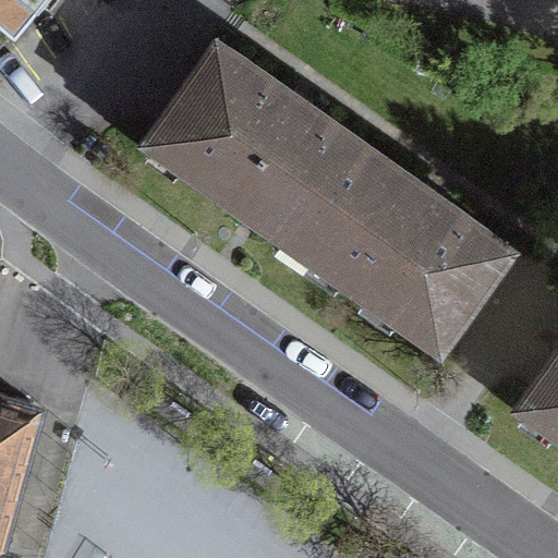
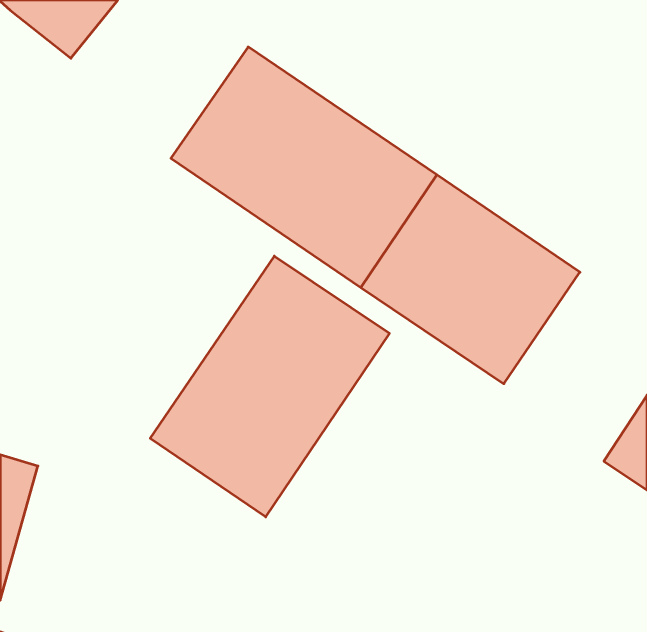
building: none -> [150,256,389,517]

